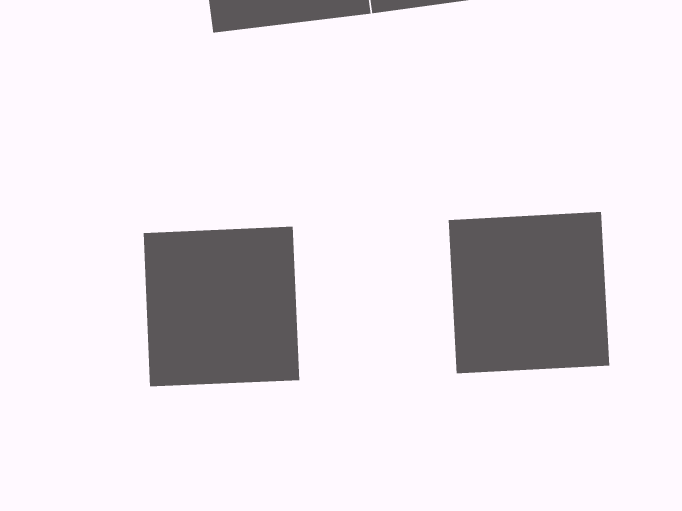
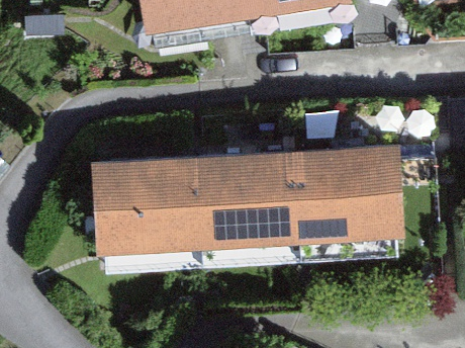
building: none -> [194,152,295,252]

